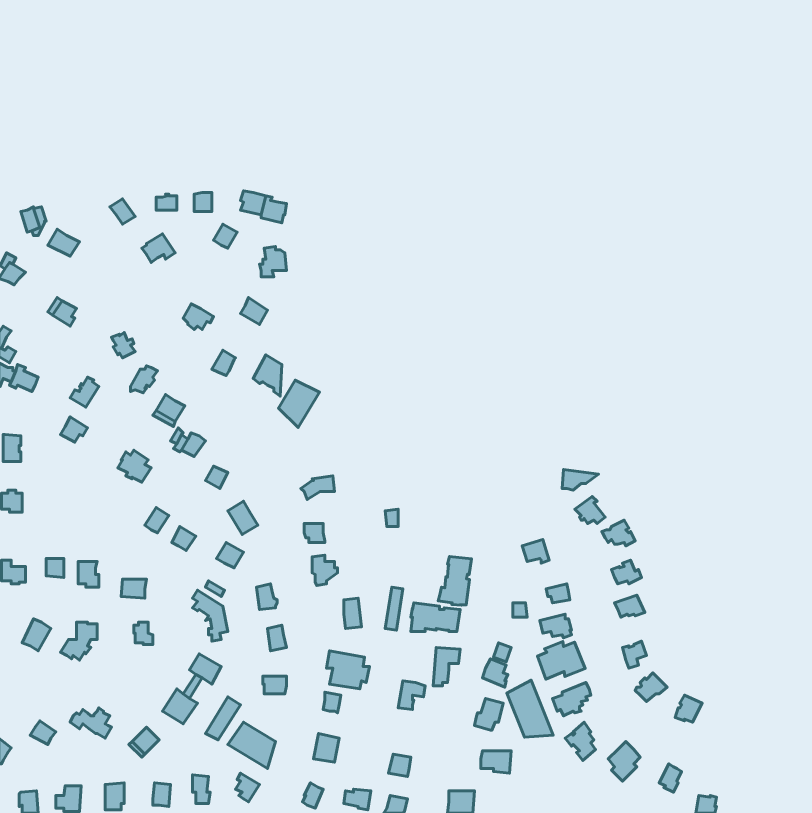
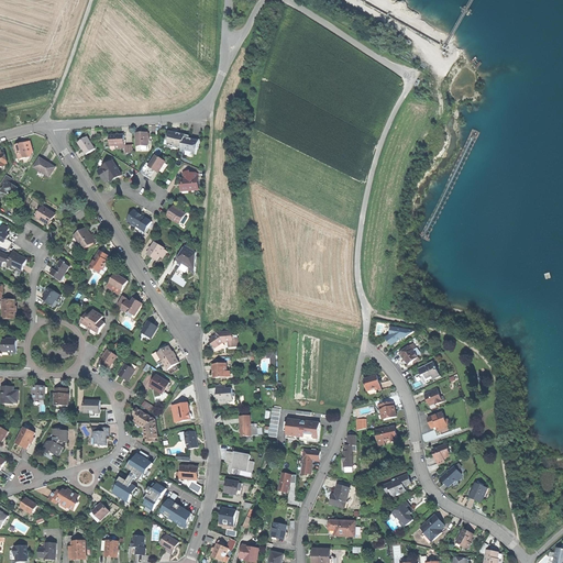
building: [278,380,319,427] -> none
building: [438,557,471,605] -> none
building: [538,641,585,679] -> none
building: [507,680,553,737] -> none

